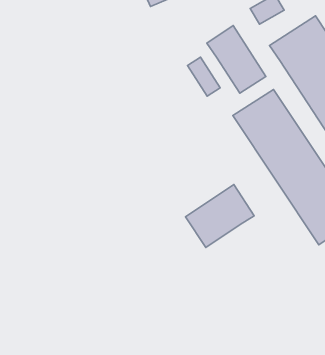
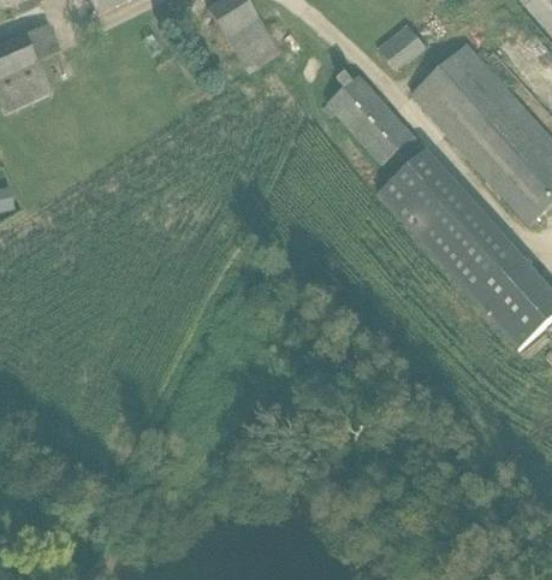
building: [187,57,220,96] -> none
building: [185,184,254,247] -> none

